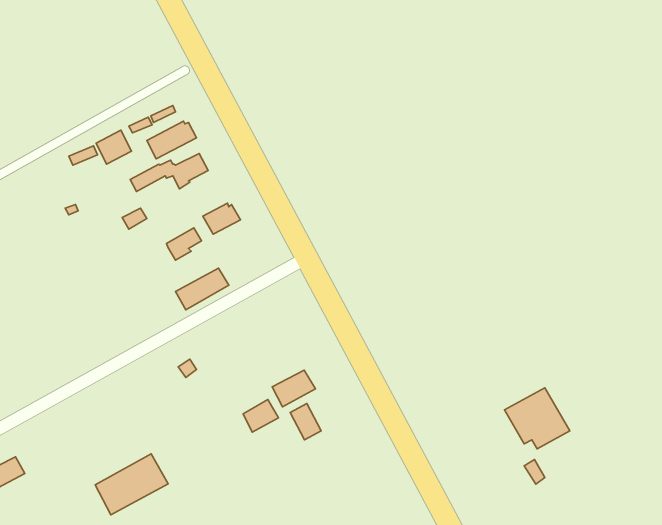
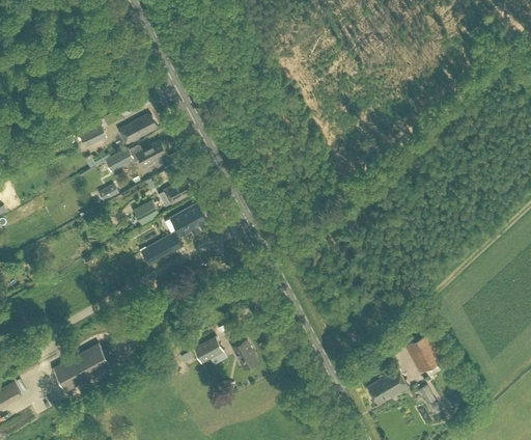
building: none -> [170,203,206,237]
building: [272,370,315,407] -> none
building: none -> [366,367,408,404]
building: [95,454,168,515] -> [52,343,110,392]

